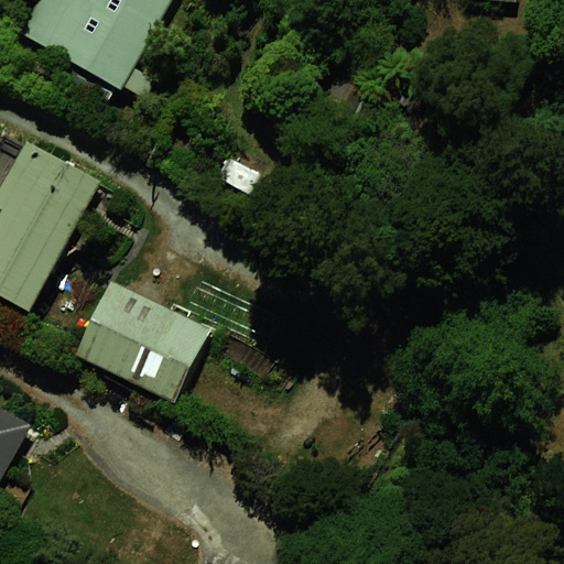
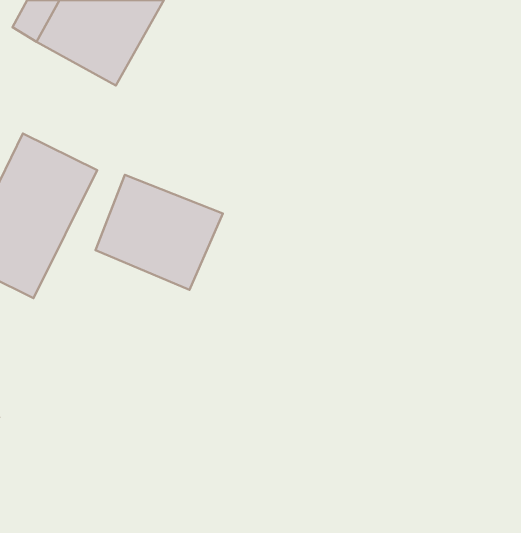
building: [64,274,198,395] -> [96,175,223,290]

